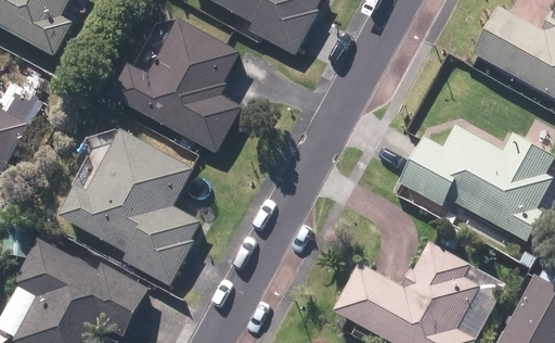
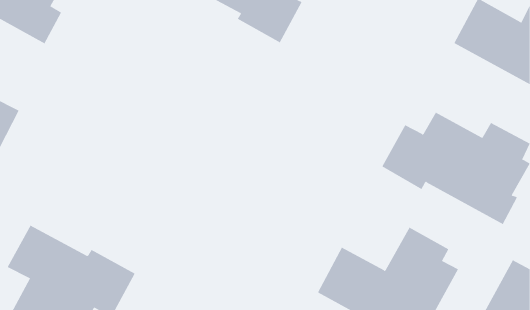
building: [112,20,241,152] -> none
building: [59,131,201,282] -> none

